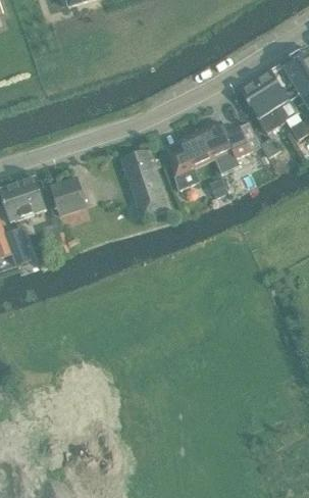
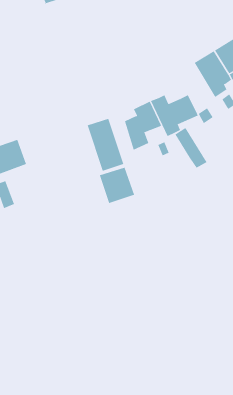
building: [241,80,282,132] -> [174,127,208,169]
building: [50,177,87,214] -> none
building: none -> [99,167,135,204]

